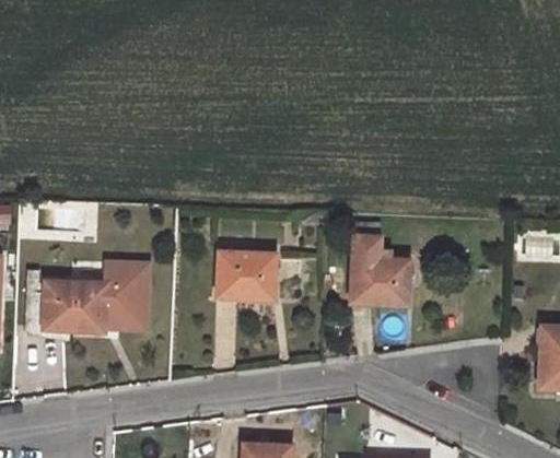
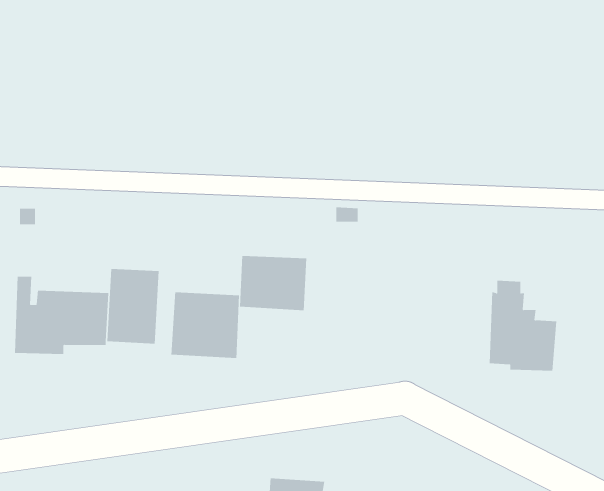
building: [352,225,410,303] -> [489,280,557,371]
building: none -> [171,292,240,359]

